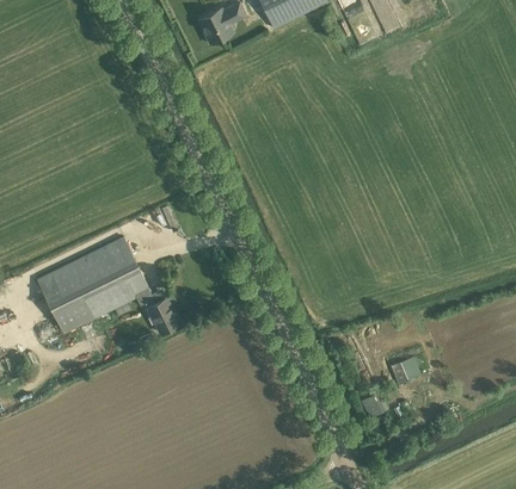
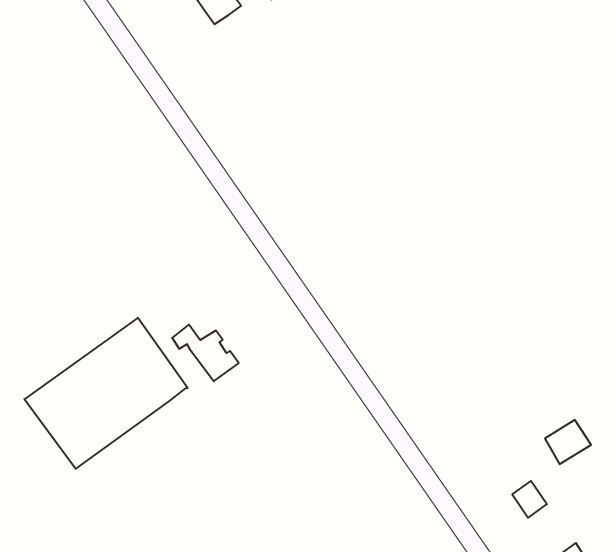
building: [136,290,179,332] -> [172,325,239,381]

